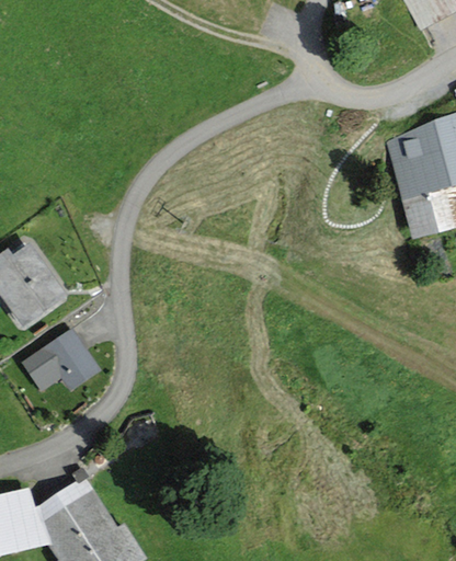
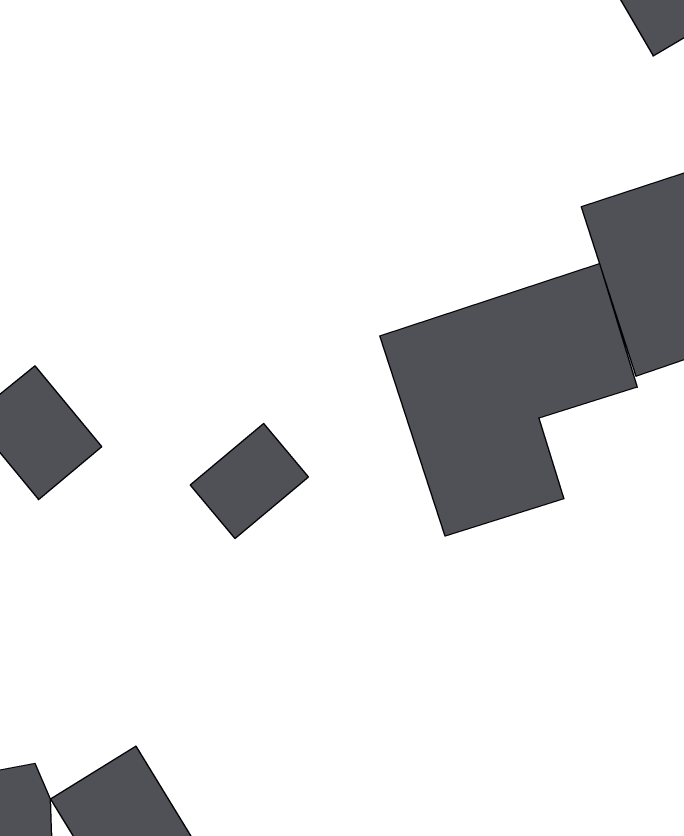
building: none -> [380,264,637,536]
building: [25,330,101,403] -> [190,424,308,538]

